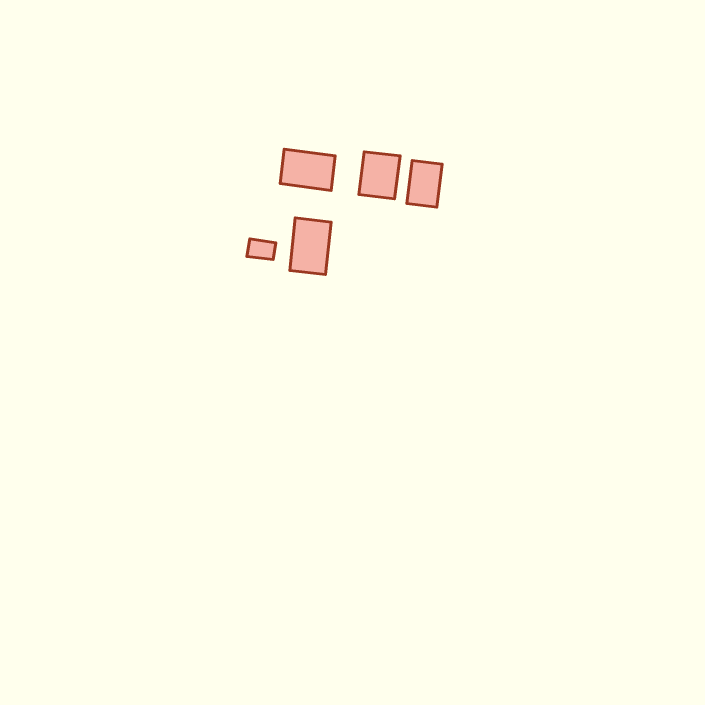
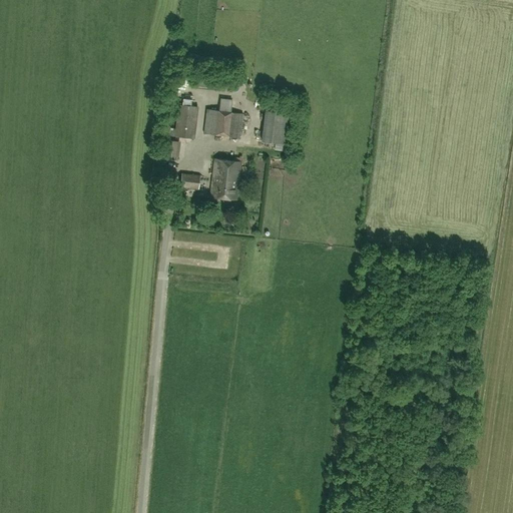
building: none -> [173,98,197,138]
building: [407,160,442,207] -> none

